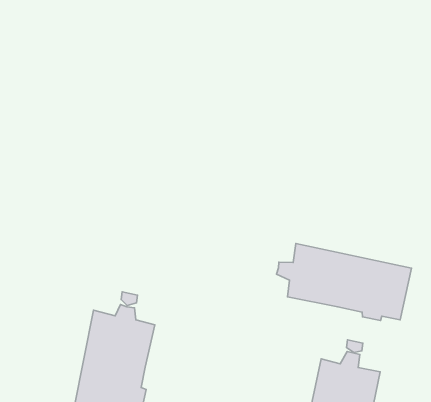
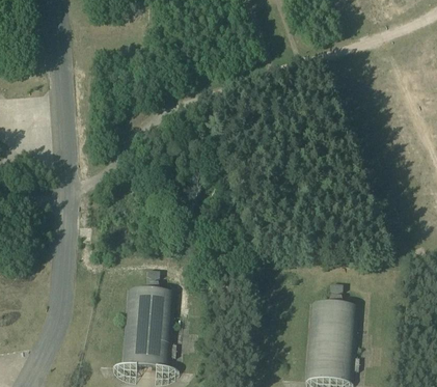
building: [277,243,412,320] -> none

